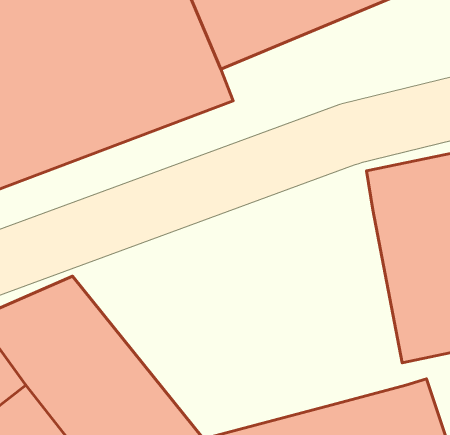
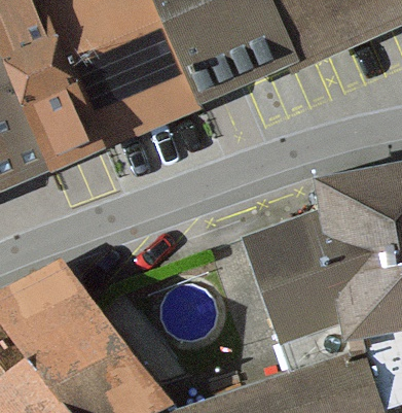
building: none -> [245,210,351,373]

